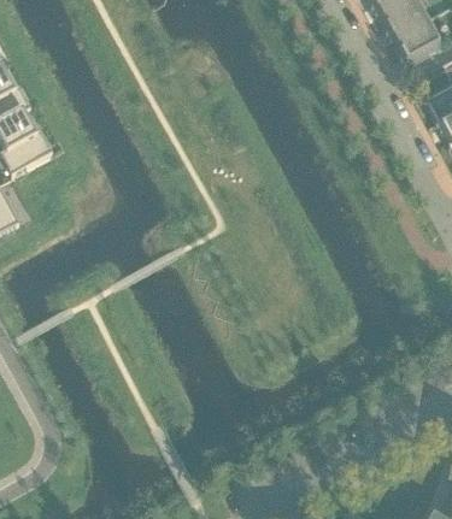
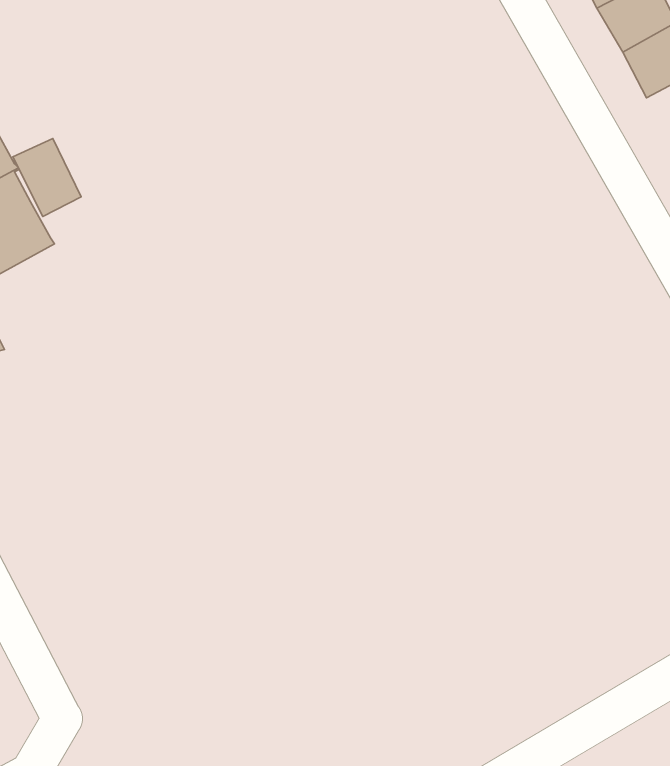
building: none -> [13,138,81,217]

